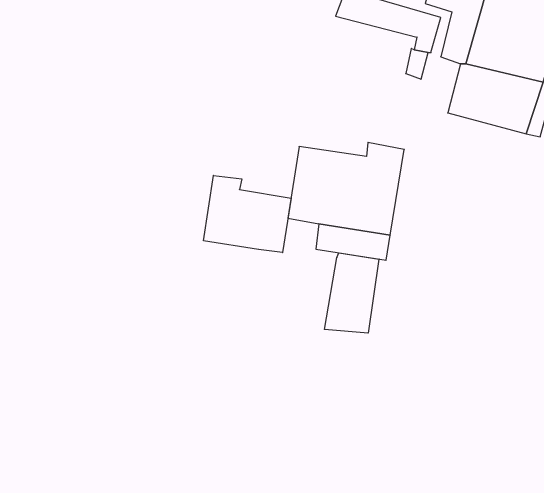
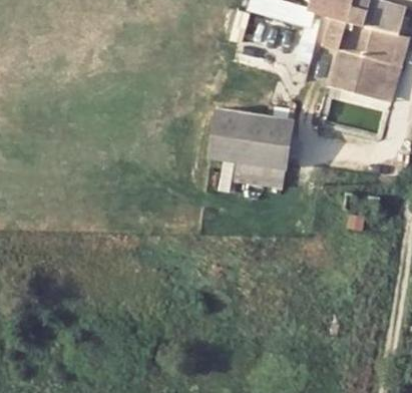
building: [204,175,291,253] -> none
building: [324,253,379,333] -> none

